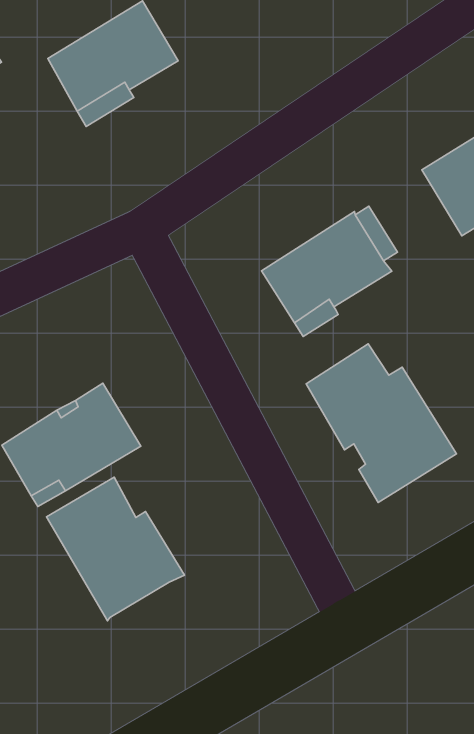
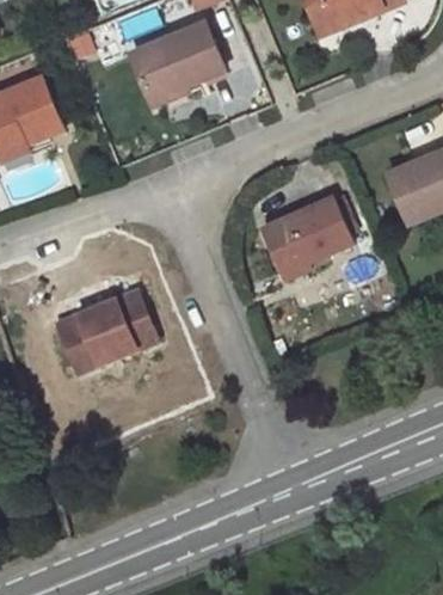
building: [306,344,457,502] -> none
building: [47,477,184,621] -> none

